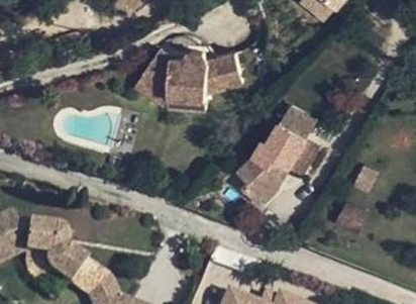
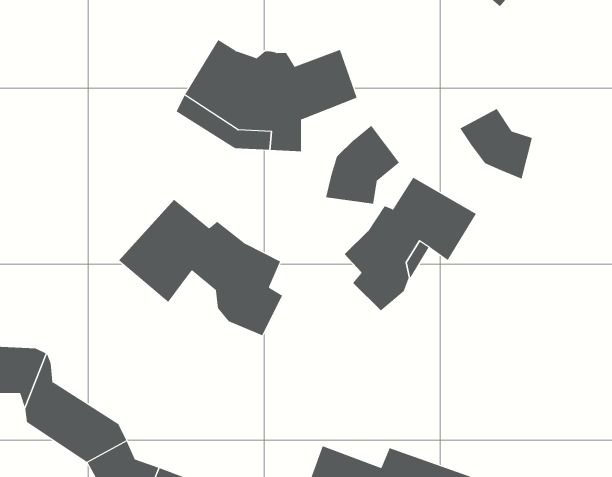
building: none -> [460,108,533,179]
building: none -> [325,125,400,205]
building: none -> [118,199,283,336]

